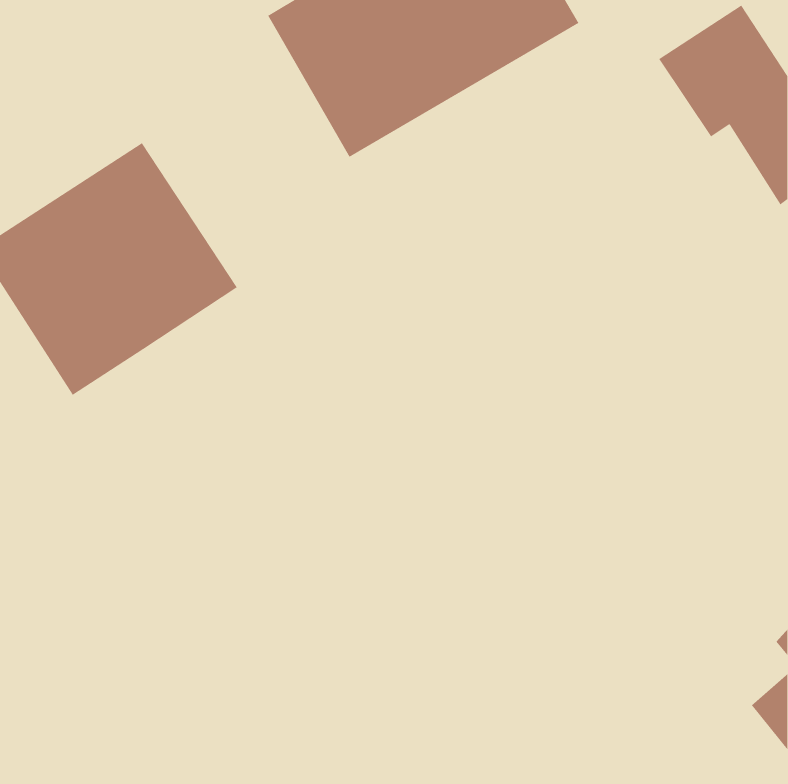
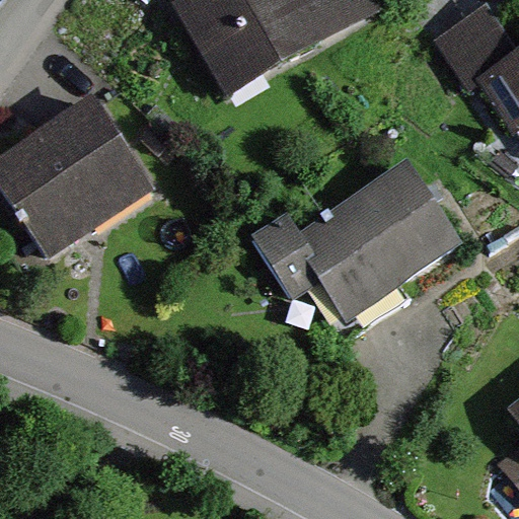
building: none -> [250,155,464,320]

